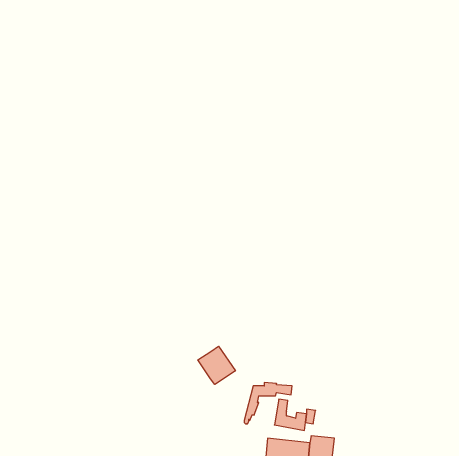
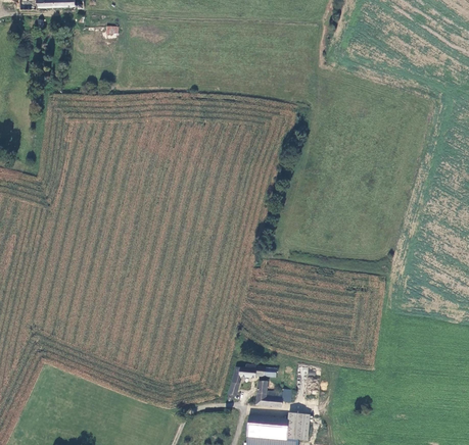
building: [198,346,235,384] -> none

